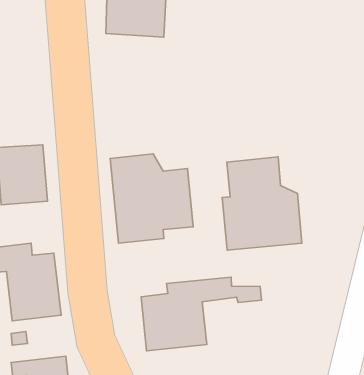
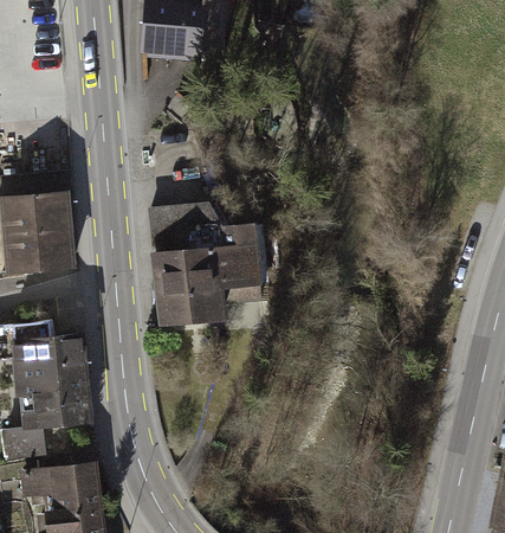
building: [222,157,302,250] -> none
building: [141,277,261,351] -> none

